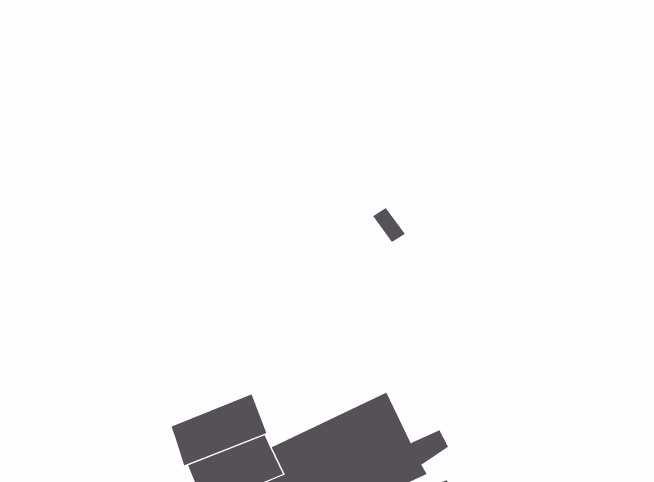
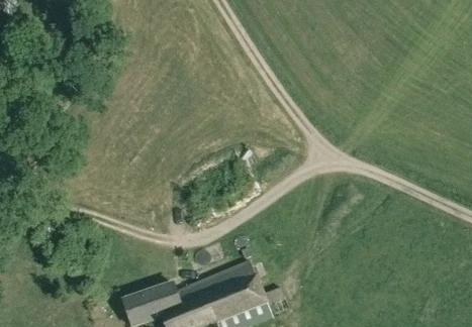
building: [171,393,267,466] -> none

